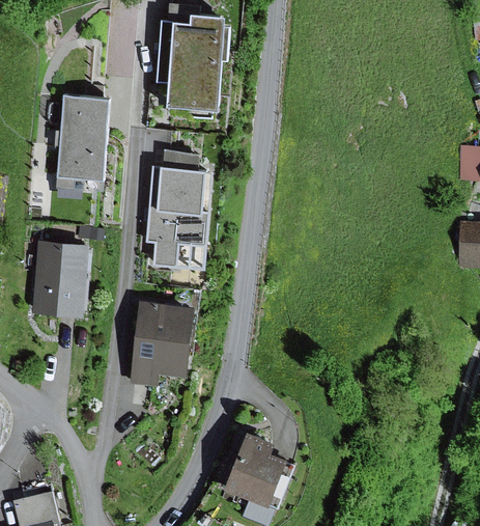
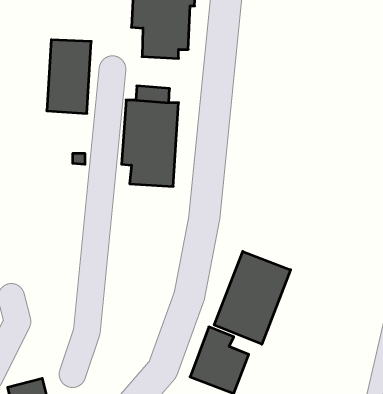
building: [31,240,88,317] -> none
building: [129,301,195,388] -> none
building: none -> [214,251,291,344]

